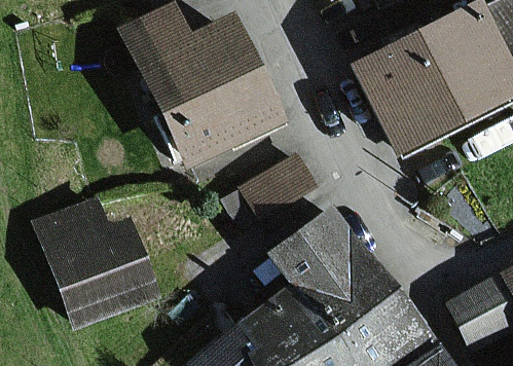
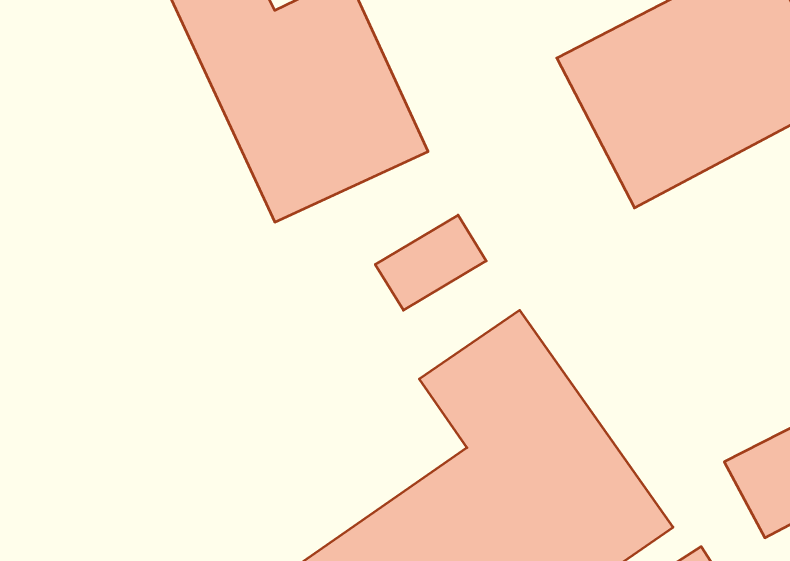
building: [43,200,155,323] -> none

